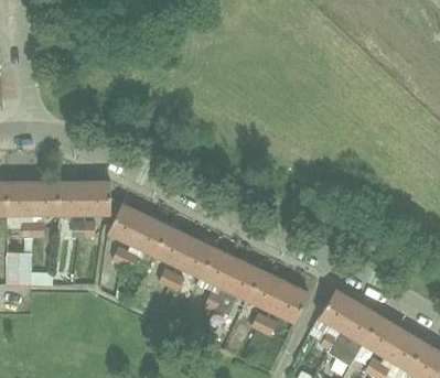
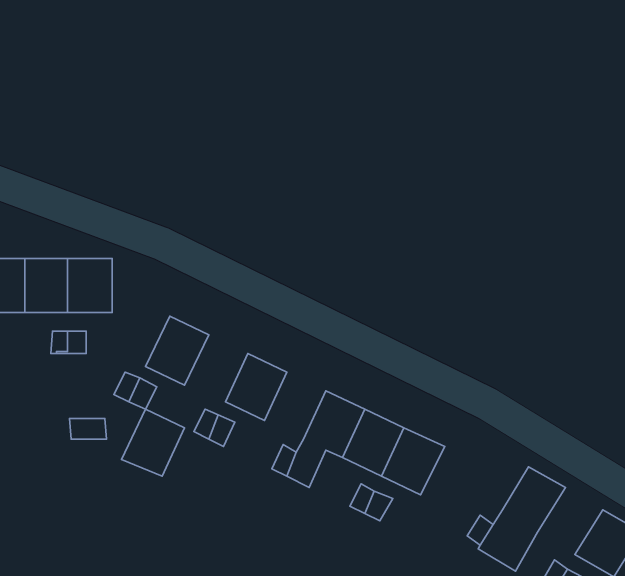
building: [108,205,144,245] -> none
building: [153,226,191,266] -> [121,409,185,476]
building: [201,248,237,288] -> none
building: [319,291,357,330] -> none
building: [363,316,401,356] -> none

